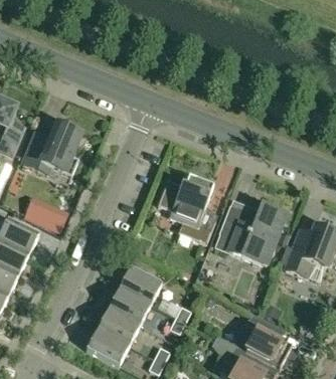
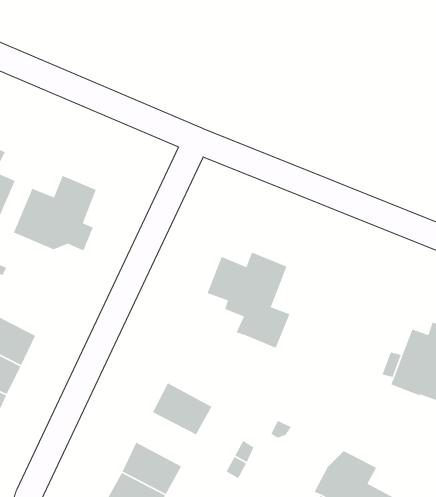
building: [24,198,67,231] -> none
building: [213,205,286,265] -> none
building: [108,288,150,325] -> none

